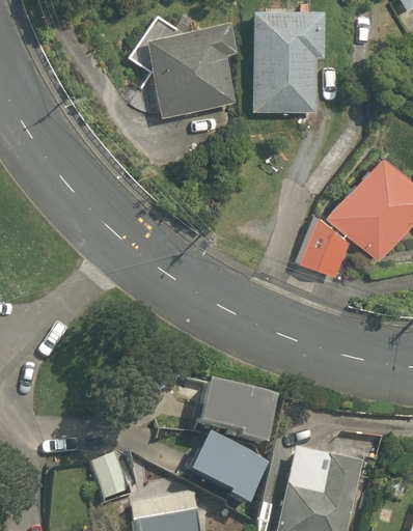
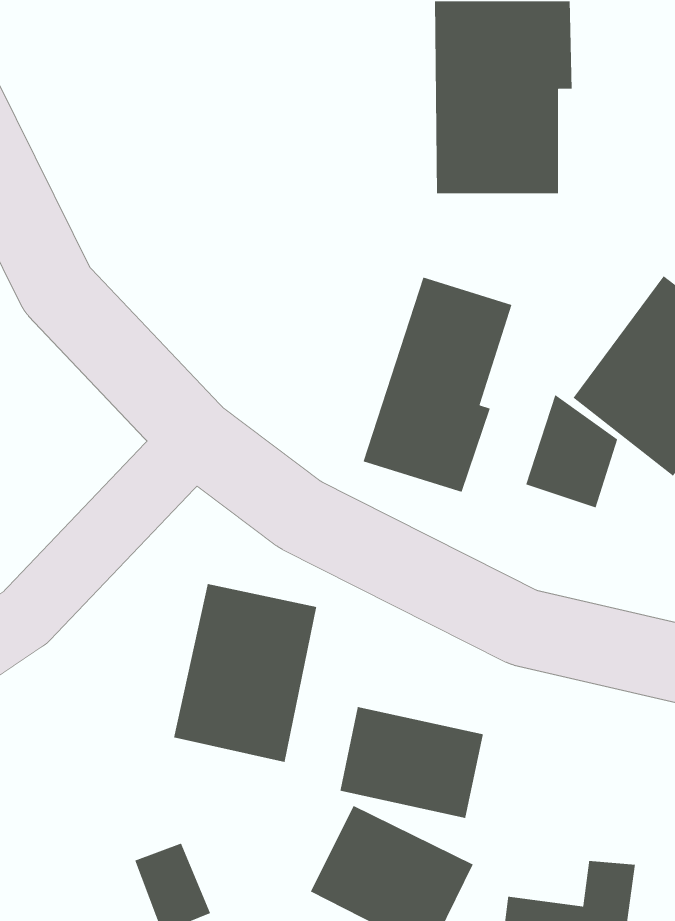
building: [144,20,239,118] -> none
building: none -> [362,277,512,493]
building: none -> [173,583,317,763]

